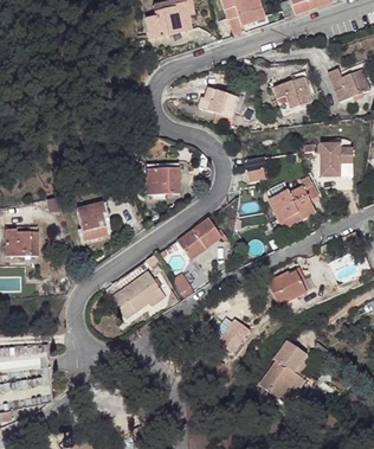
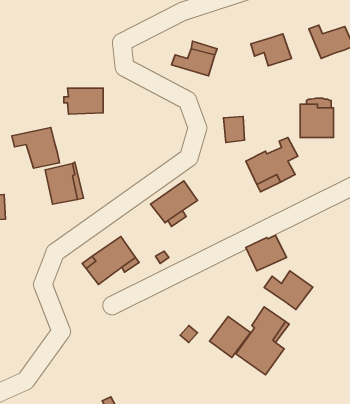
building: none -> [12,128,60,168]
building: [141,168,179,193] -> [64,88,103,114]
building: none -> [264,271,313,309]
building: [214,316,253,355] -> [210,317,250,357]

